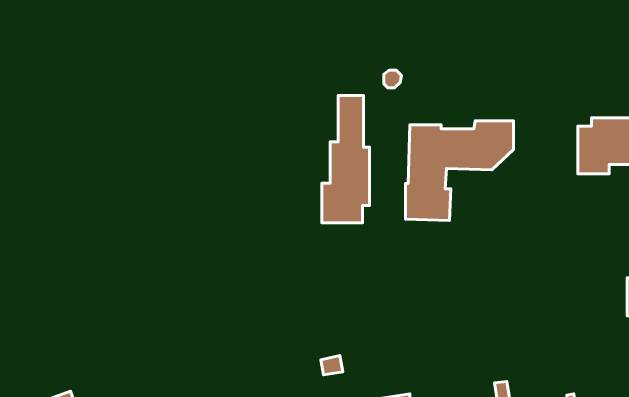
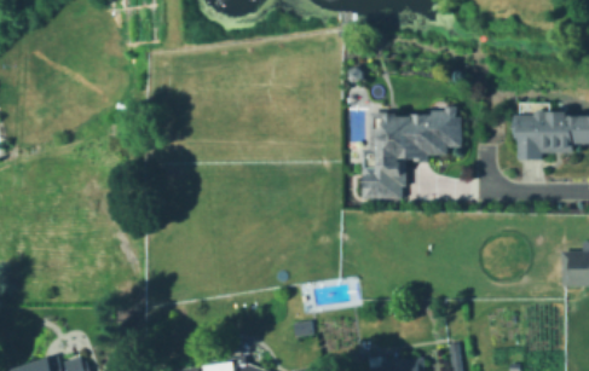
building: [322,95,369,223] -> none

